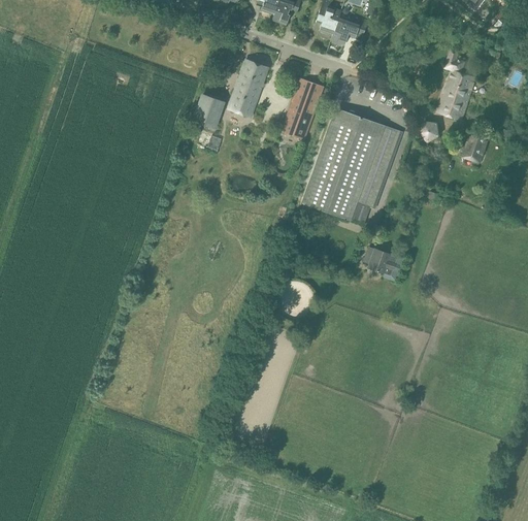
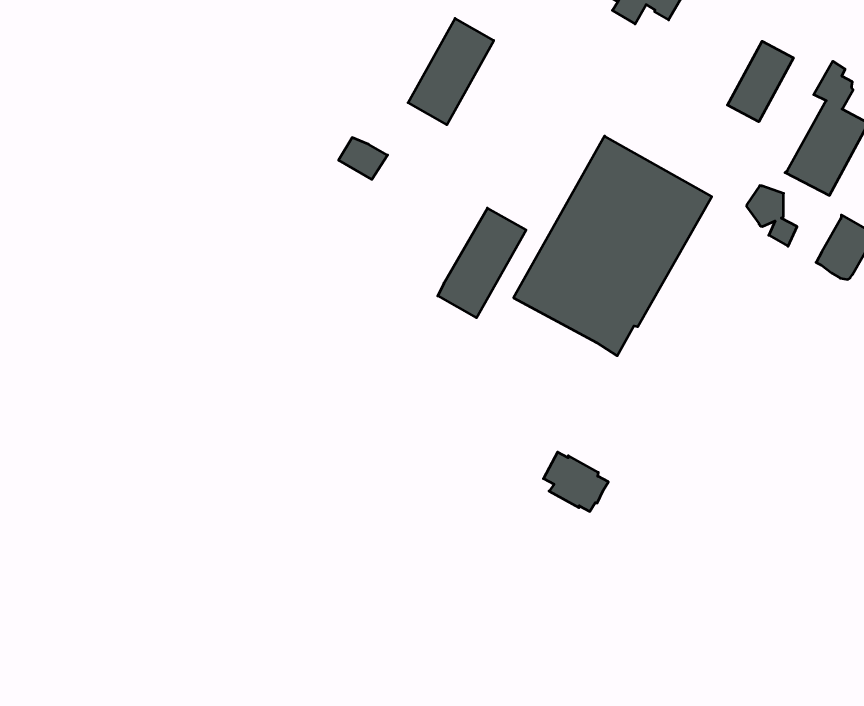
building: none -> [727,41,793,122]
building: [282,78,323,138] -> [438,208,526,318]
building: [193,94,224,128] -> none
building: [362,246,397,274] -> [543,452,608,511]

